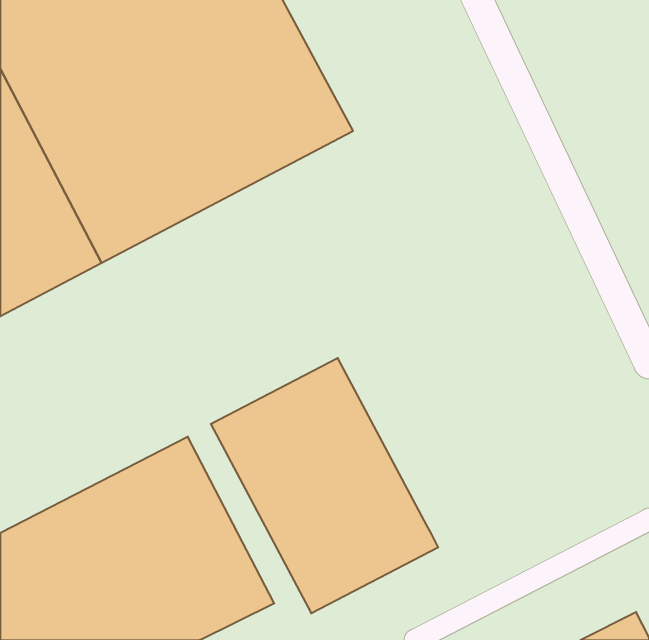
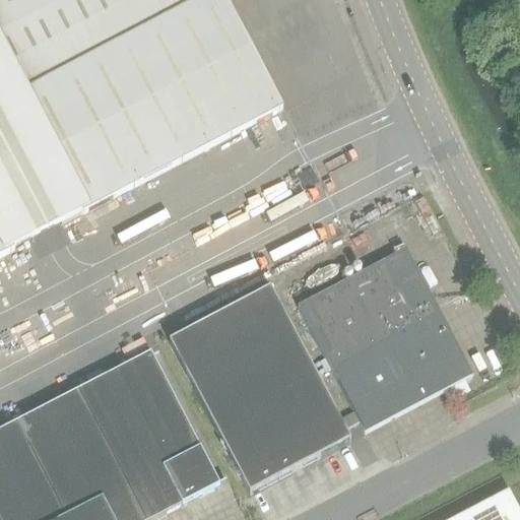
building: none -> [298,247,471,430]

